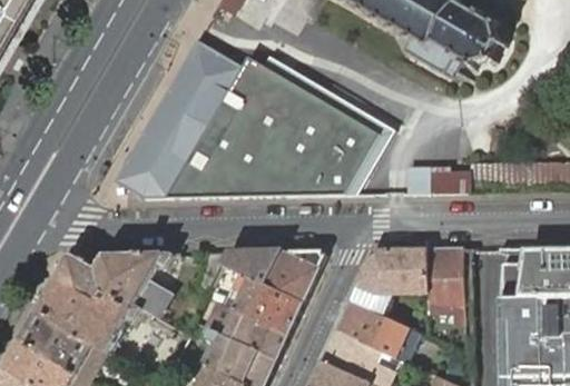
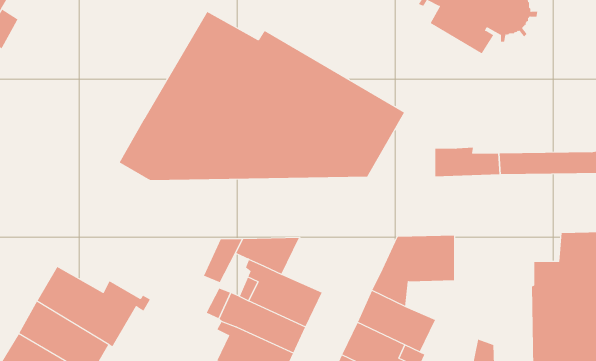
building: [429,246,465,309] -> none
building: [267,249,326,300] -> none
building: [57,251,177,315] -> none

